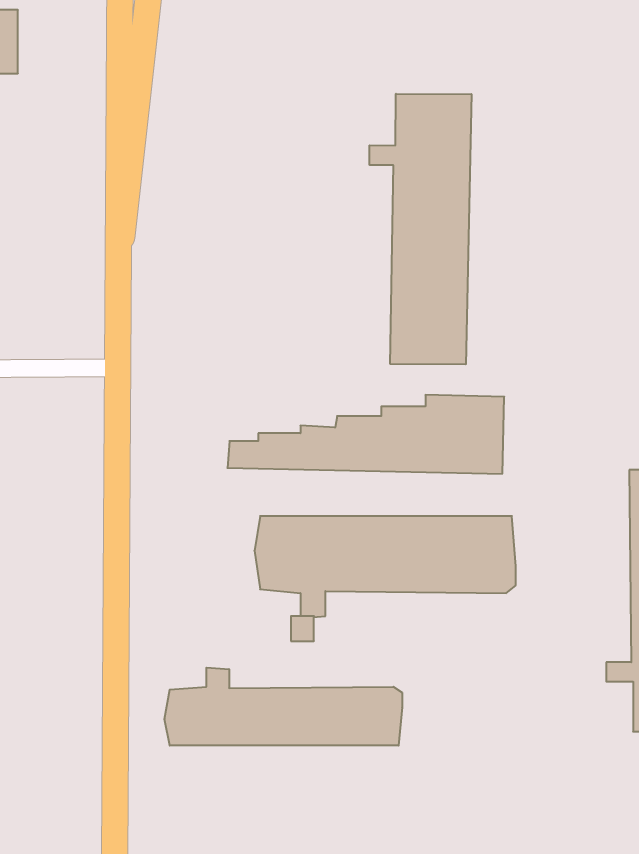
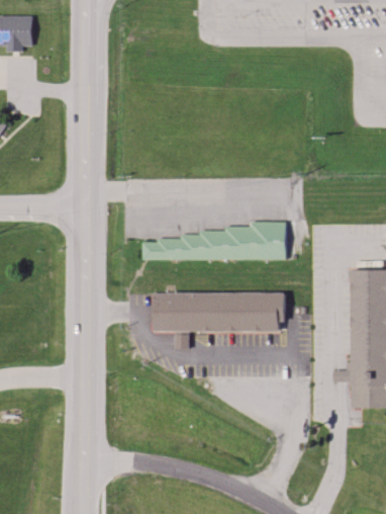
building: [370,94,471,364] -> none
building: [165,668,402,746] -> none

